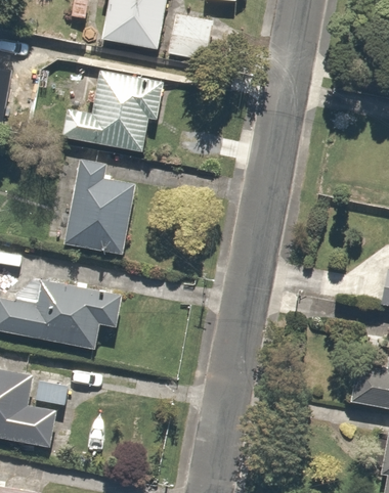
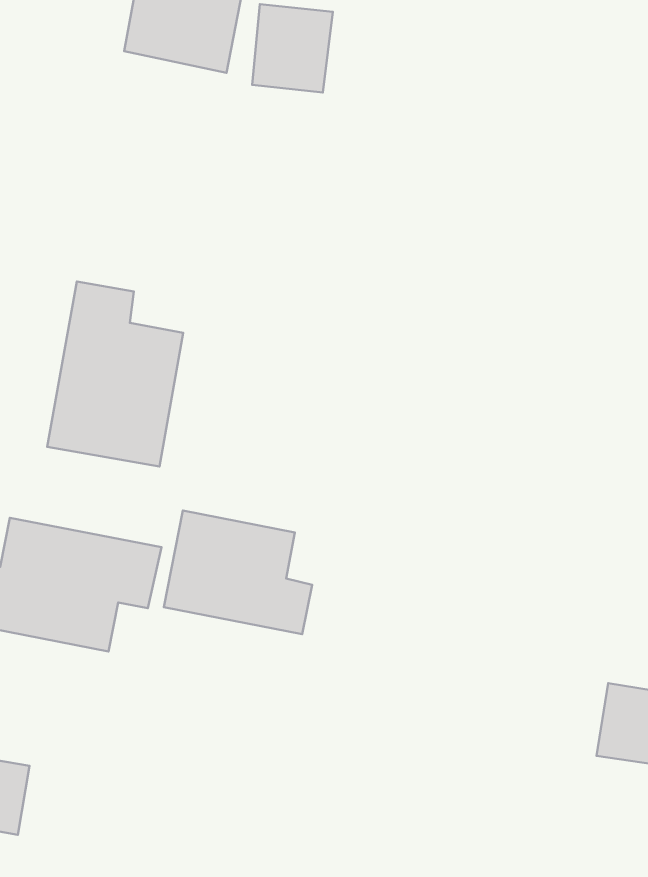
building: [61,70,164,150] -> none
building: none -> [164,510,312,634]

